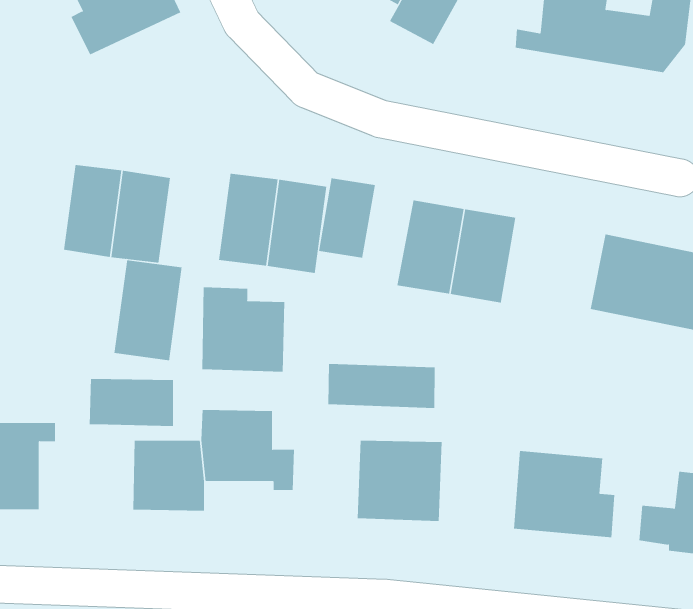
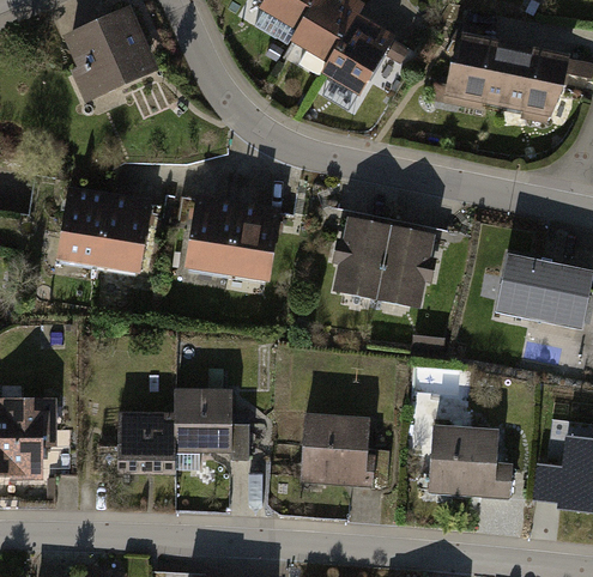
building: [318,178,375,259] -> none
building: [114,259,182,361] -> none
building: [202,286,285,372] -> none
building: [328,363,435,409] -> none
building: [89,378,173,427] -> none

